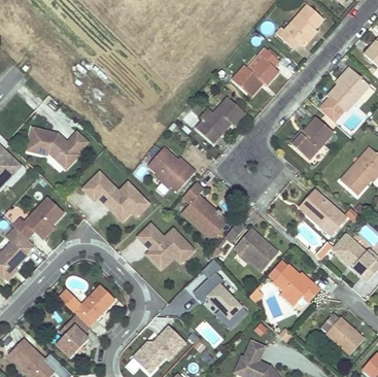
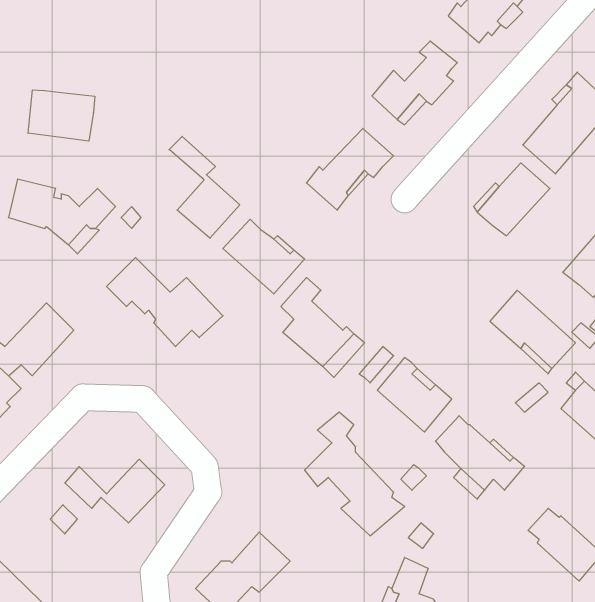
building: none -> [28,90,95,141]
building: none -> [169,136,240,238]
building: [137,224,194,263] -> none
building: [57,315,91,358] -> none

